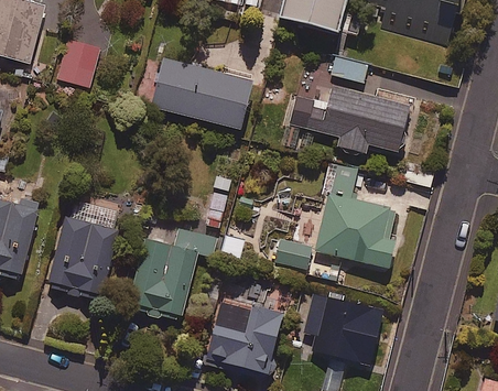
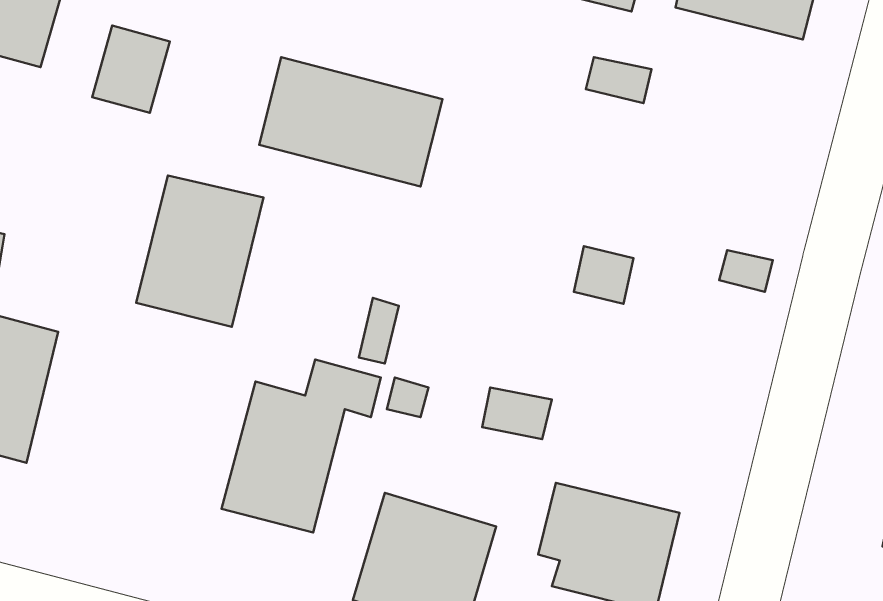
building: [289,86,411,153] -> none
building: [315,194,394,268] -> none
building: [47,217,118,301] -> [136,176,264,327]

